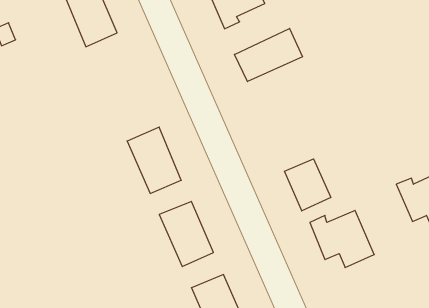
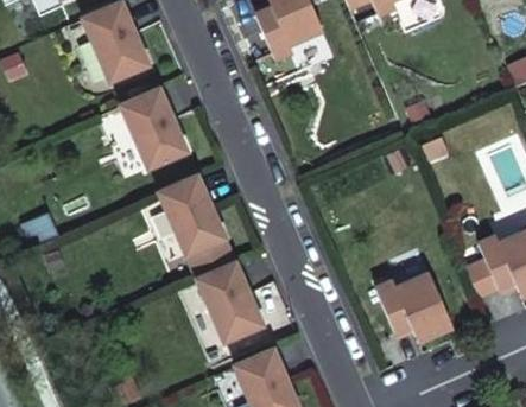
building: [234,28,302,82] -> none
building: none -> [121,89,186,167]
building: [285,159,331,211] -> none

